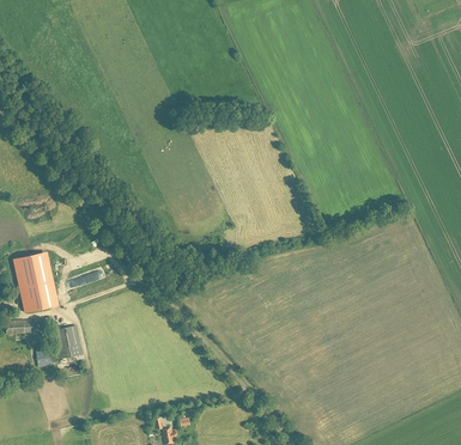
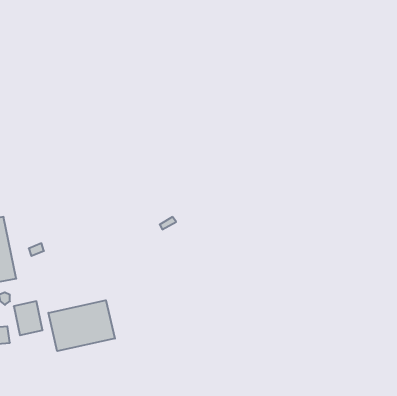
building: none -> [48,300,115,351]

